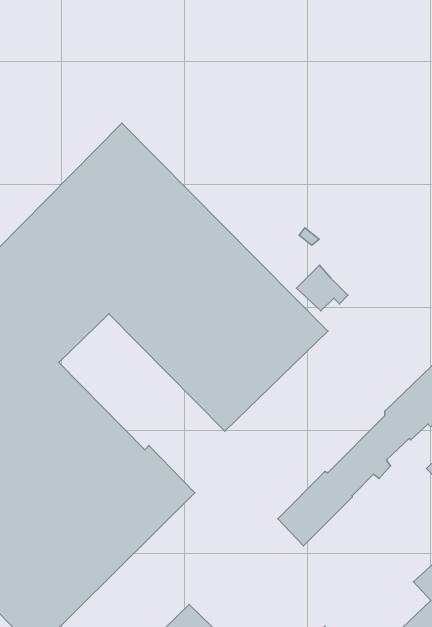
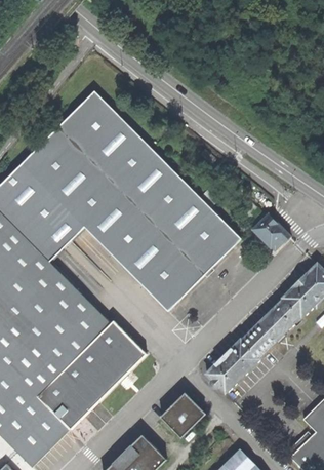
building: [297,265,348,311] -> [252,214,289,247]
building: none -> [160,394,205,439]

